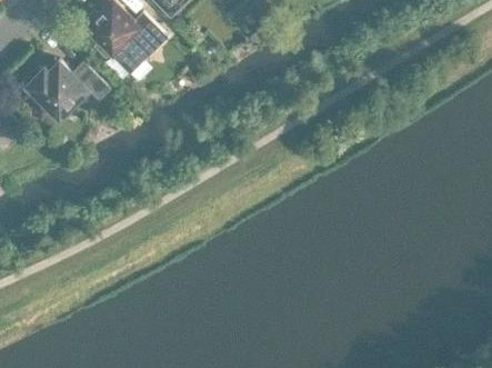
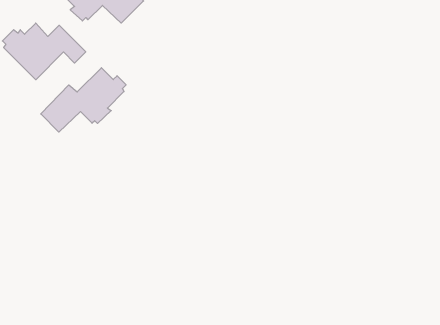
building: none -> [41,68,126,132]

